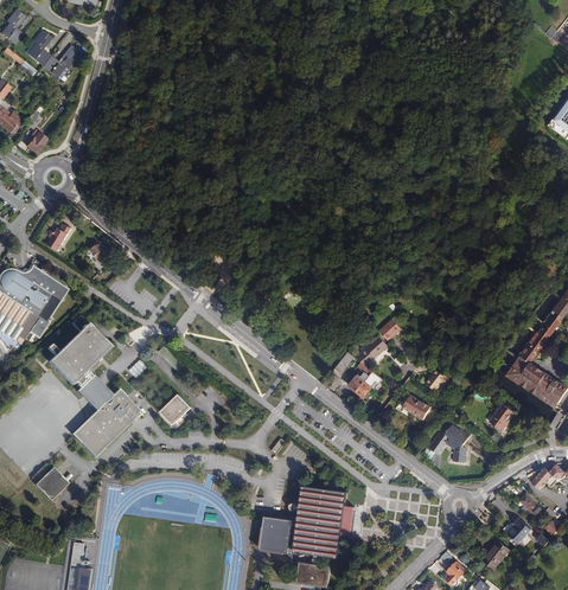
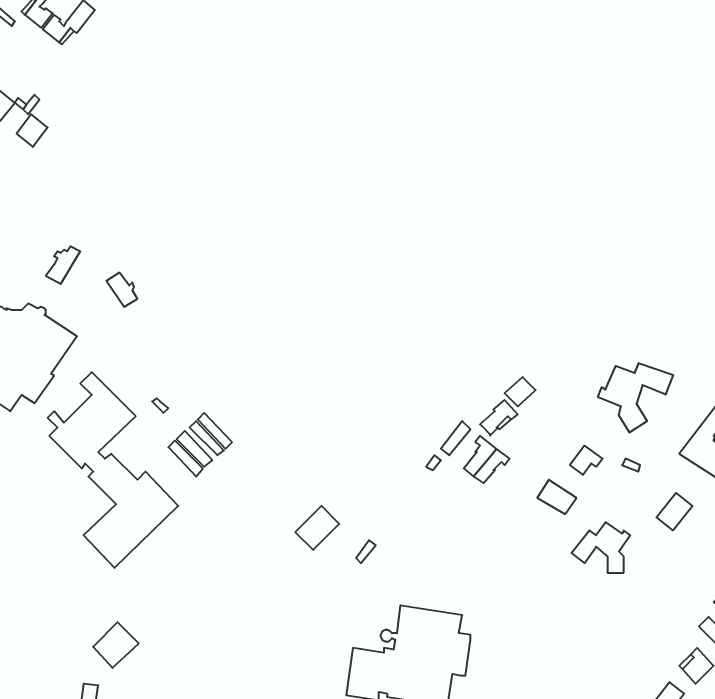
building: none -> [598,363,673,433]
building: [160,392,192,424] -> [295,506,339,550]
building: [34,467,68,500] -> [93,622,139,668]

